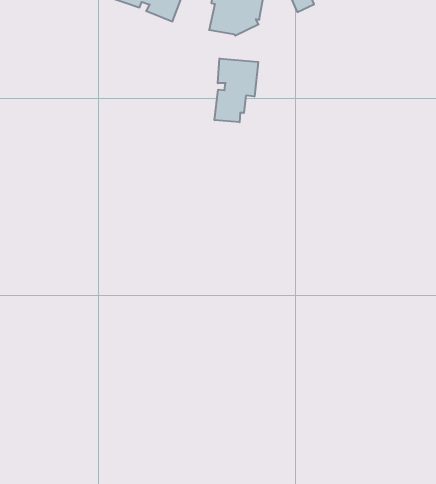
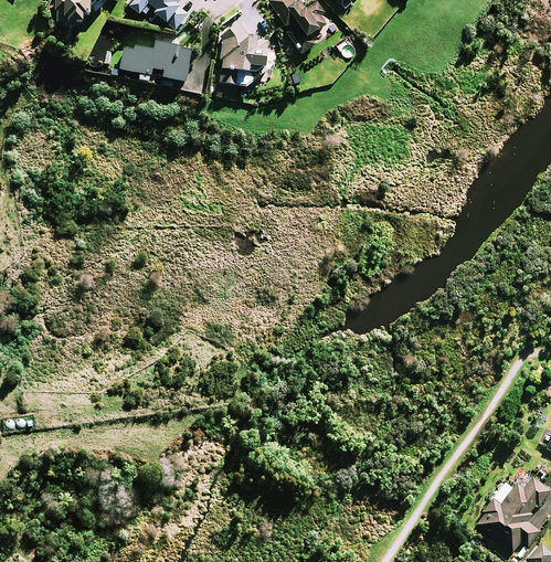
building: [215,58,258,122] -> none

